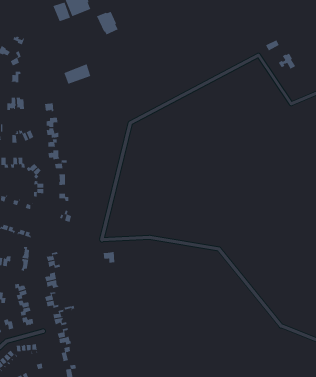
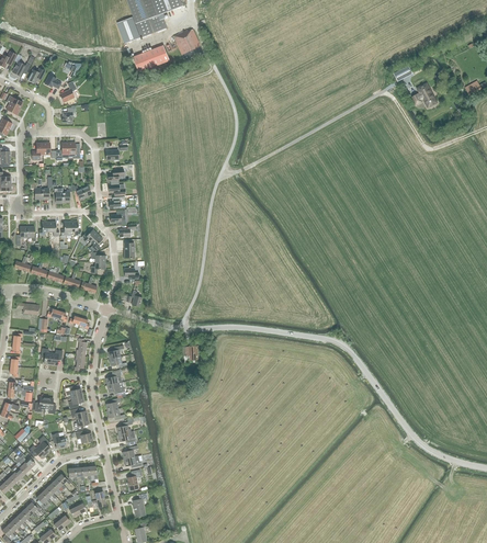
building: [64,63,91,84] -> [133,44,169,71]

